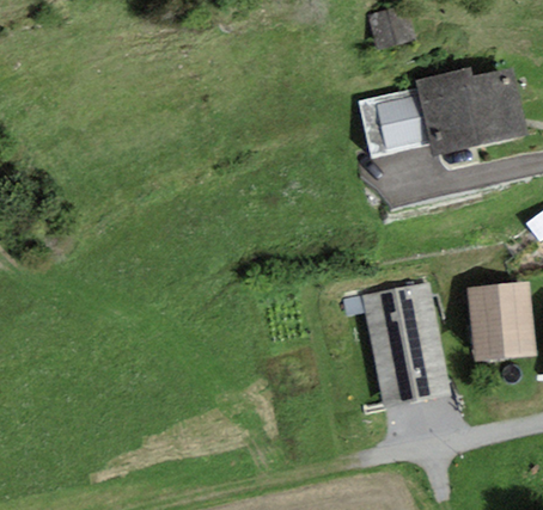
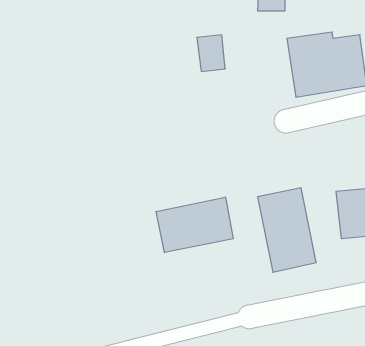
building: [368,100,407,149] -> [197,35,225,71]
building: none -> [156,197,233,253]

